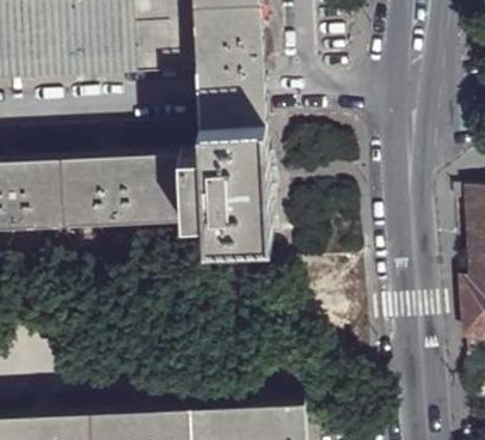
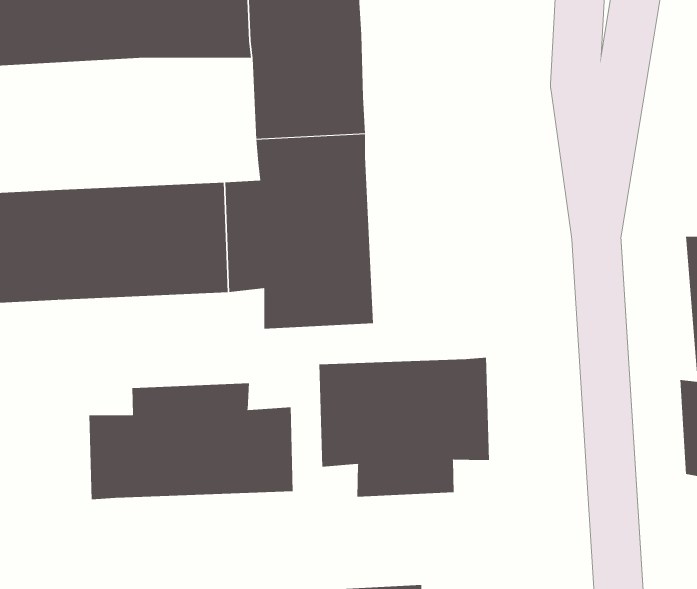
building: none -> [319,357,490,497]
building: none -> [89,382,293,500]

